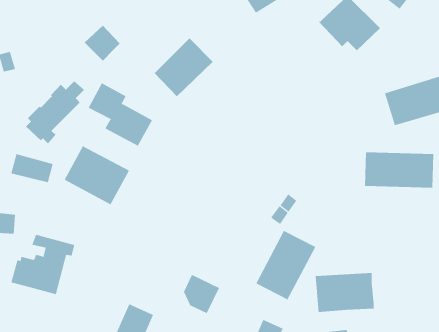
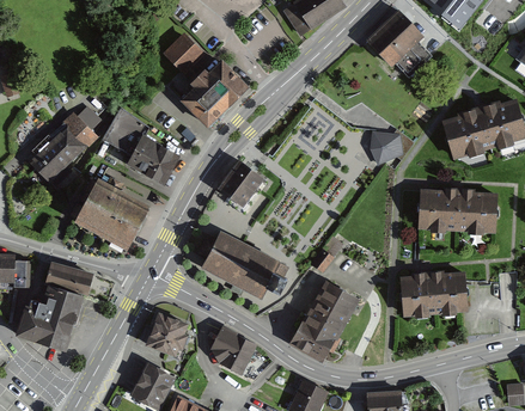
building: [84,25,120,61] -> [163,32,204,74]
building: none -> [372,131,404,165]
building: none -> [218,161,263,208]
building: [11,153,54,183] -> [44,260,93,294]
building: none -> [201,232,288,299]
building: none -> [146,313,193,357]
building: [315,273,374,312] -> [399,271,468,317]

